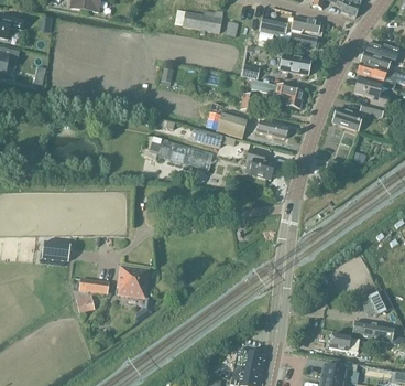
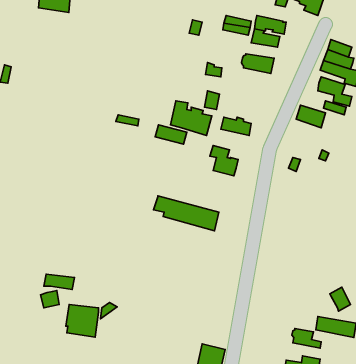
building: [175,9,222,34] -> none
building: [250,79,303,108] -> none
building: [146,135,212,170] -> [153,196,219,231]
building: [42,239,69,260] -> none
building: [116,265,149,298] -> [66,304,98,337]

